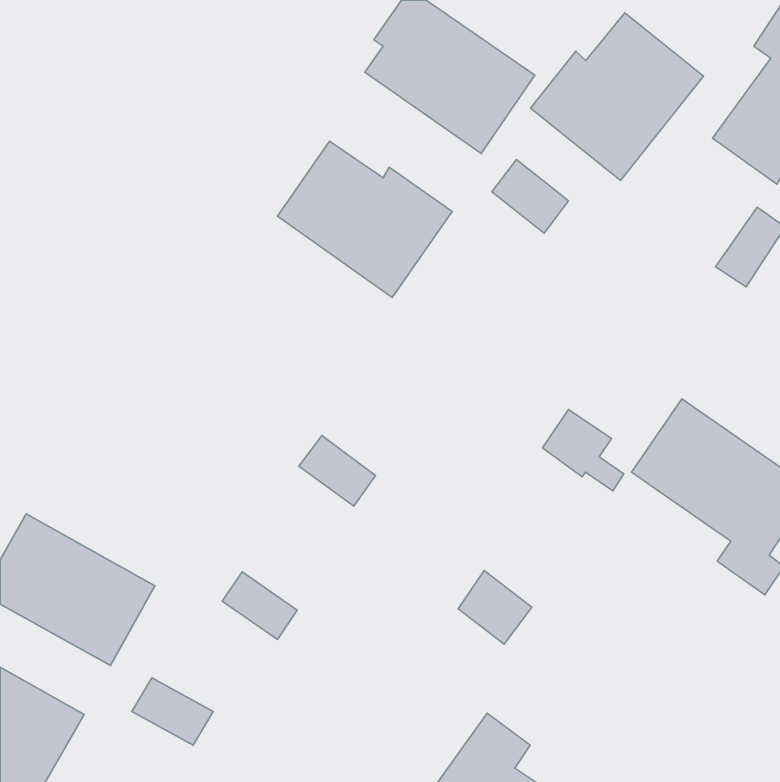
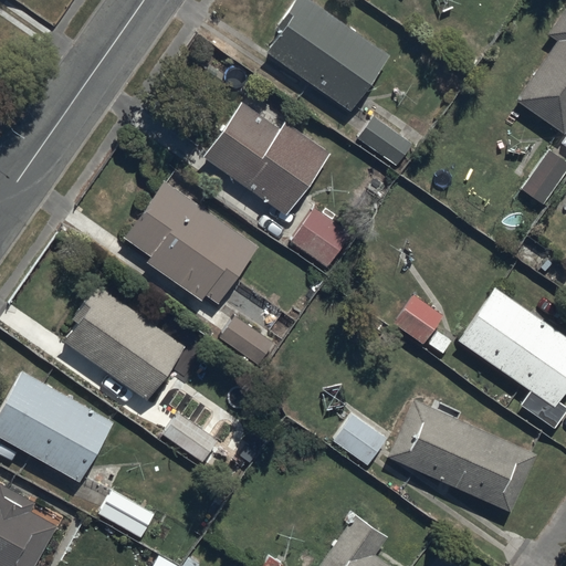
building: [531,13,703,181] -> none
building: none -> [123,182,258,306]
building: none -> [290,208,350,268]
building: none -> [65,285,182,400]
building: none -> [388,398,535,513]

